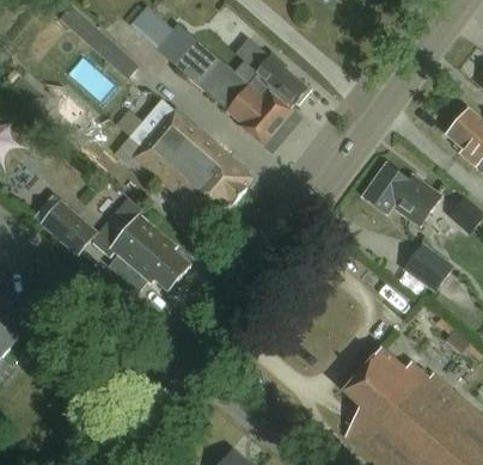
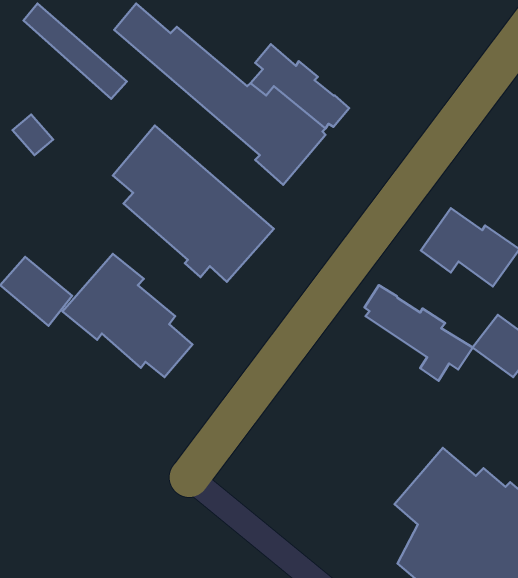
building: none -> [365,285,473,381]

